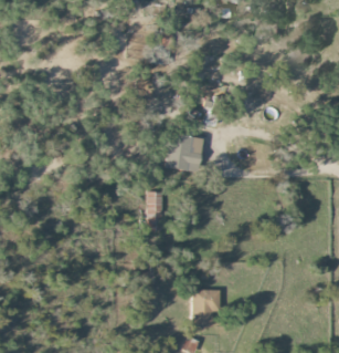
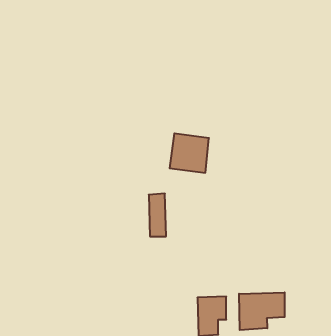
building: none -> [239,292,285,330]

